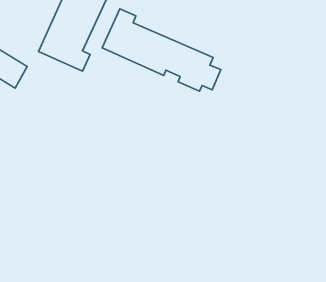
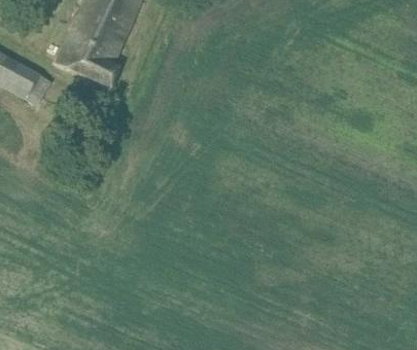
building: [102,9,221,91] -> none

